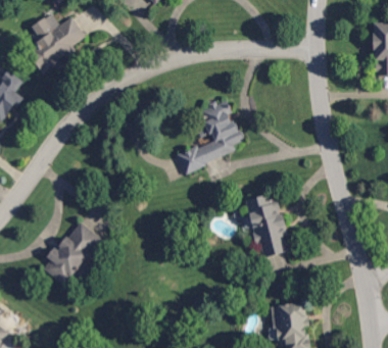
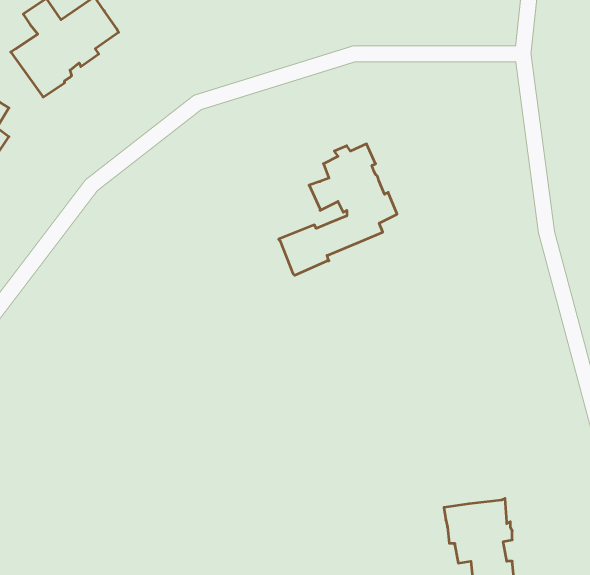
building: [245,192,287,256] -> none
building: [44,220,100,284] -> none

